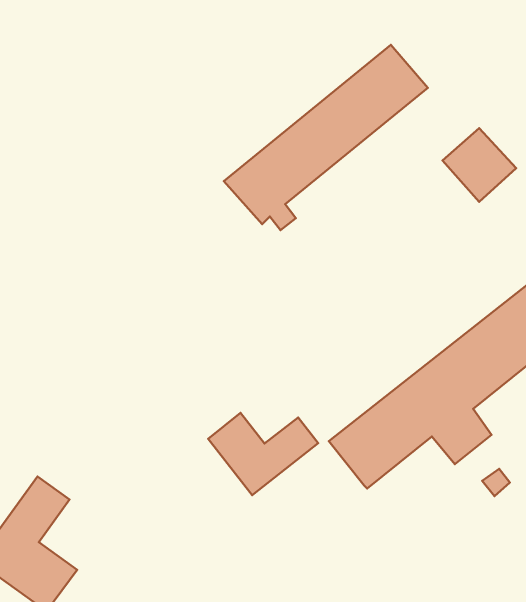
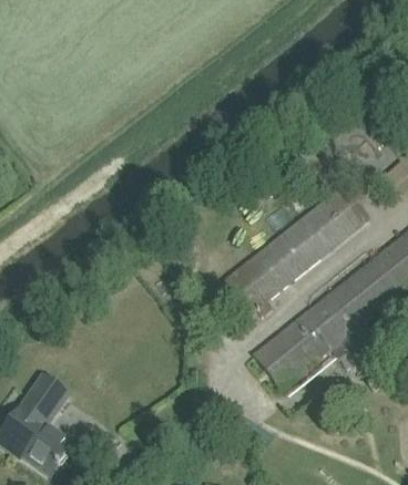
building: [224,45,428,230] -> [221,182,368,316]
building: [208,413,318,495] -> none

